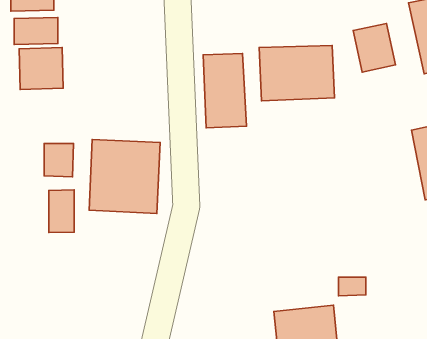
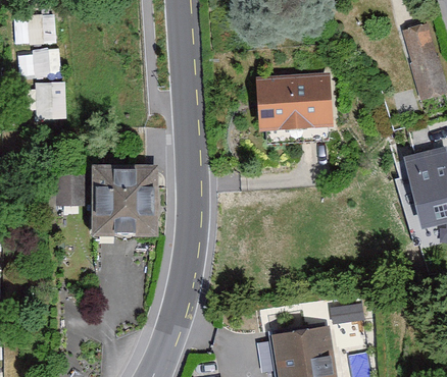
building: [353,23,396,72] -> none
building: [203,53,246,128] -> none
building: [49,190,74,233] -> none

